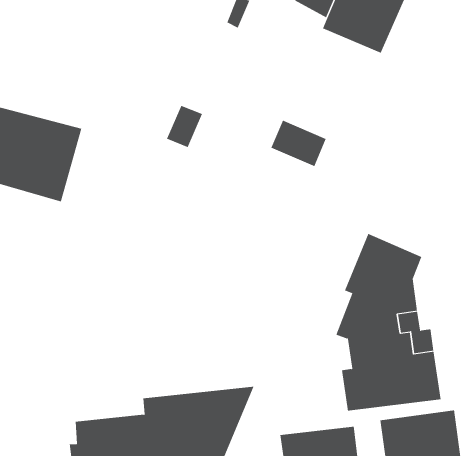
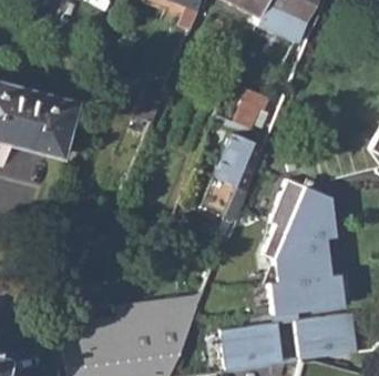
building: none -> [203,135,266,221]

